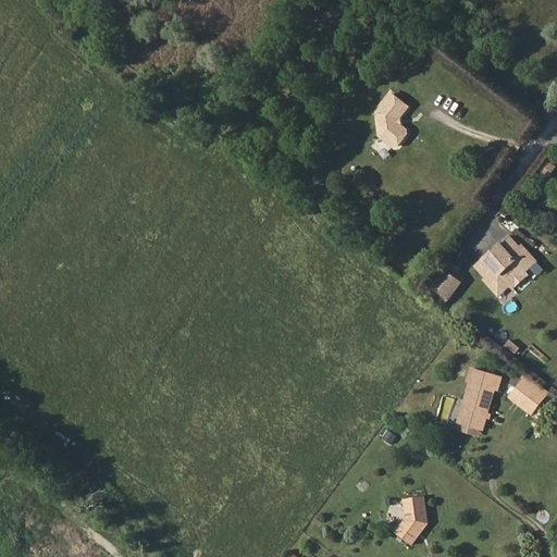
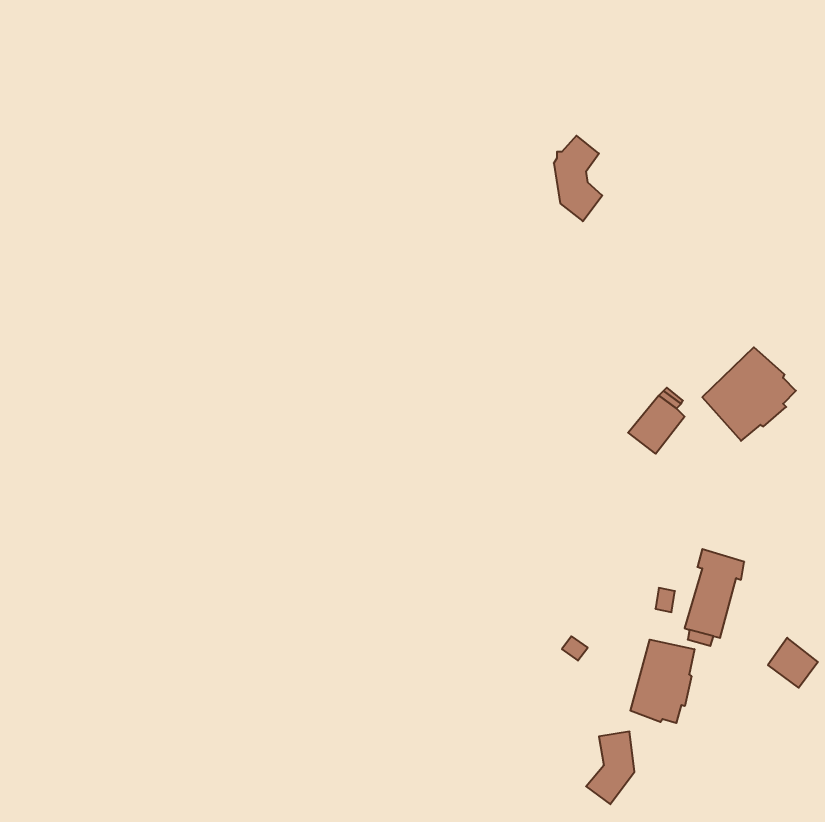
building: [516,373,549,407] -> [768,638,818,688]
building: none -> [630,640,694,723]

